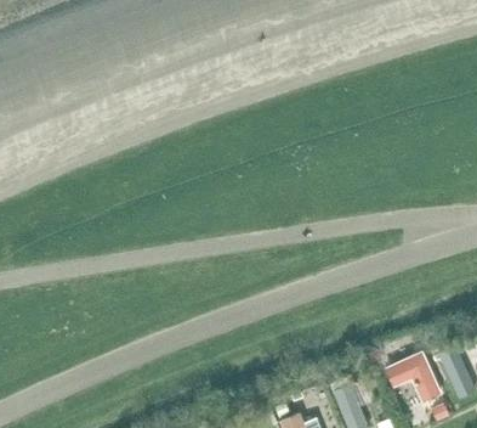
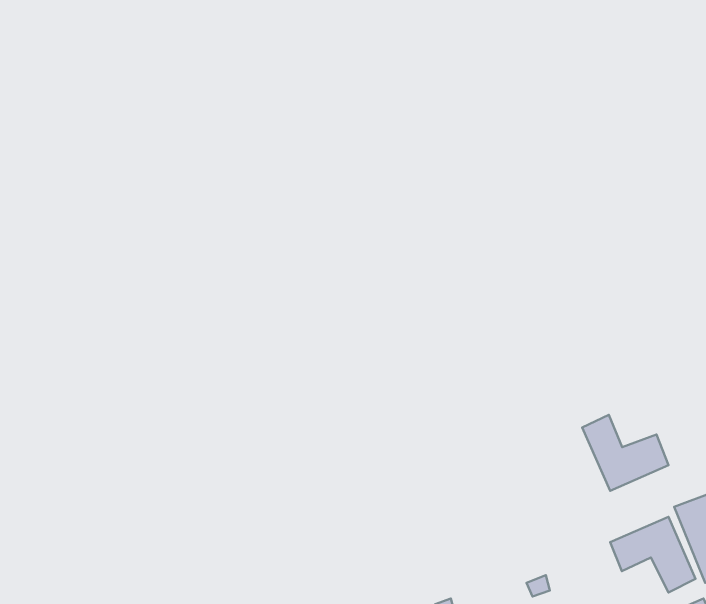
building: none -> [582,415,668,491]

